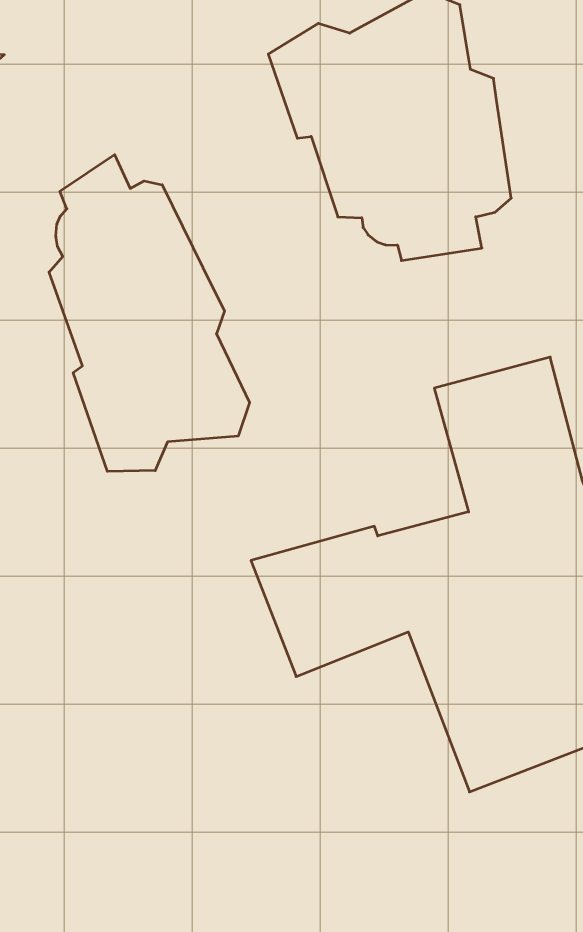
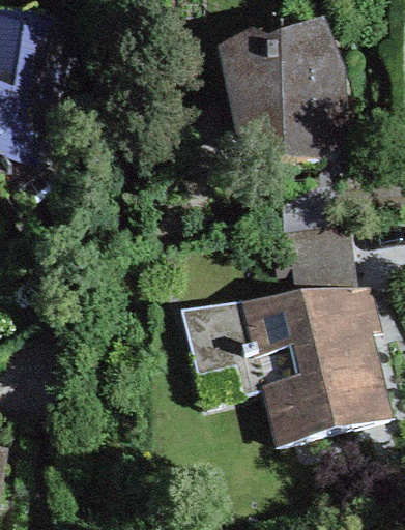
building: [49,155,250,471] -> none

